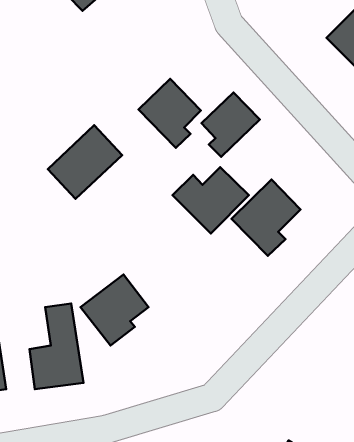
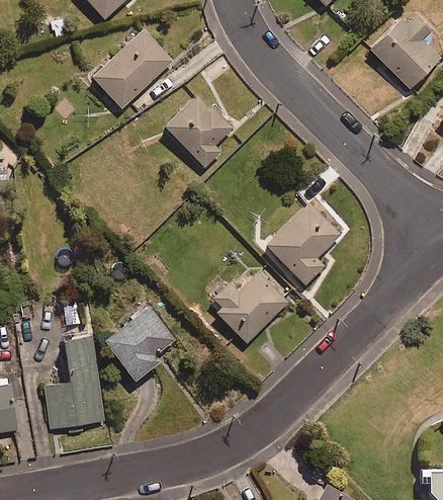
building: [202,92,260,157] -> none
building: [48,125,122,199] -> [92,28,173,108]
building: [173,167,249,233] -> [205,271,288,343]

